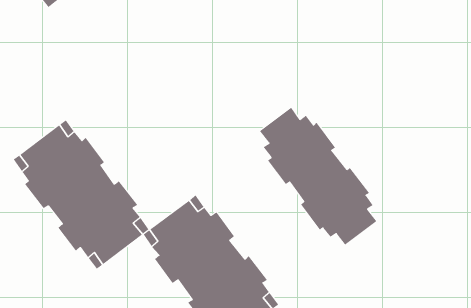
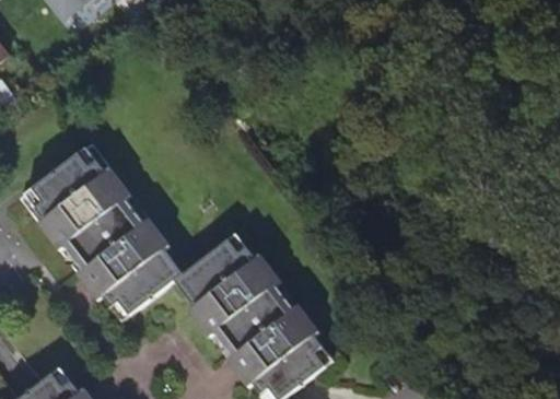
building: [259,107,377,245] -> none

